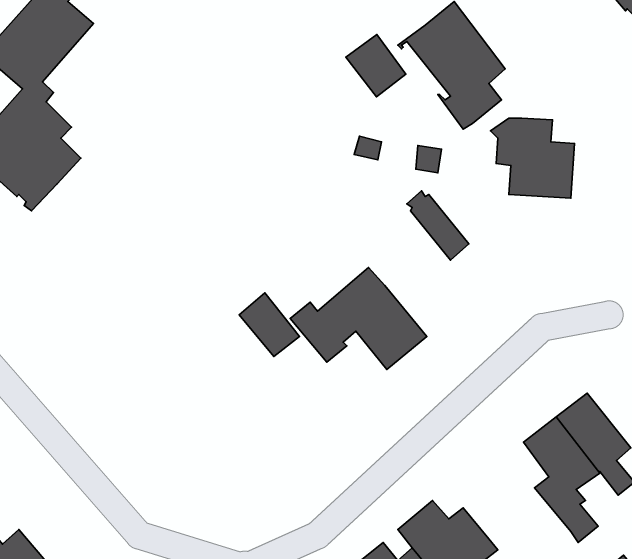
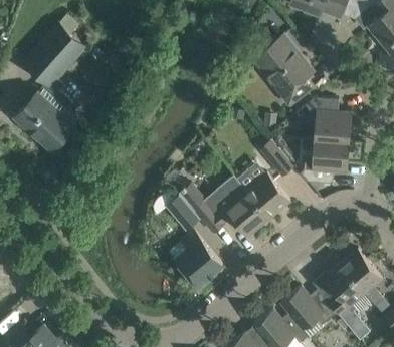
building: [346,35,406,97] -> none
building: none -> [301,140,349,184]
building: none -> [246,174,290,219]
building: none -> [175,231,222,287]
building: none -> [281,286,349,330]

